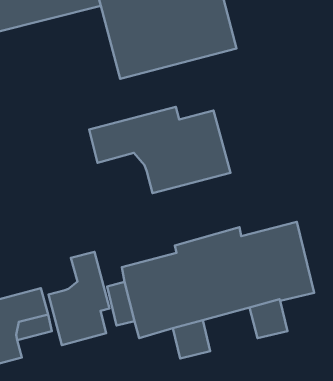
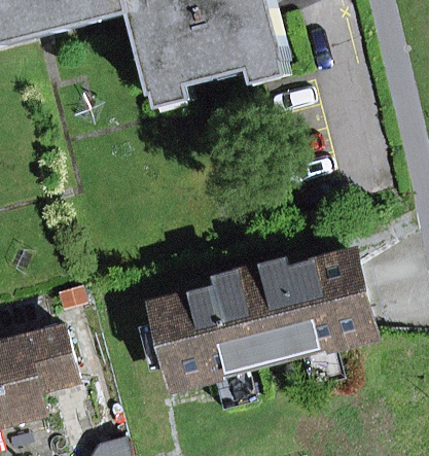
building: [89,107,230,193] -> none
building: [49,252,109,345] -> none

